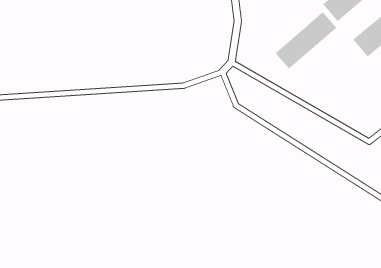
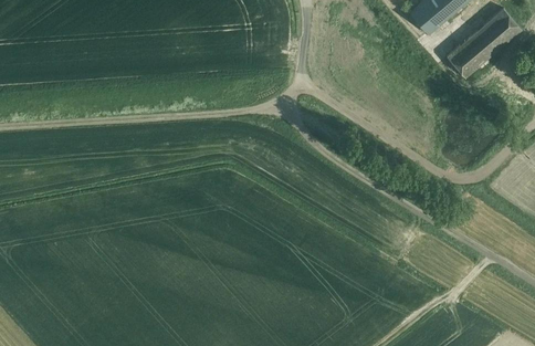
building: [274,11,337,70] -> none

